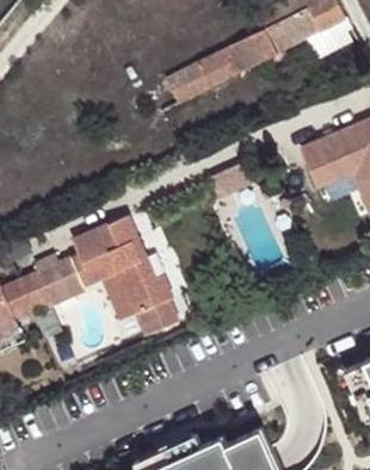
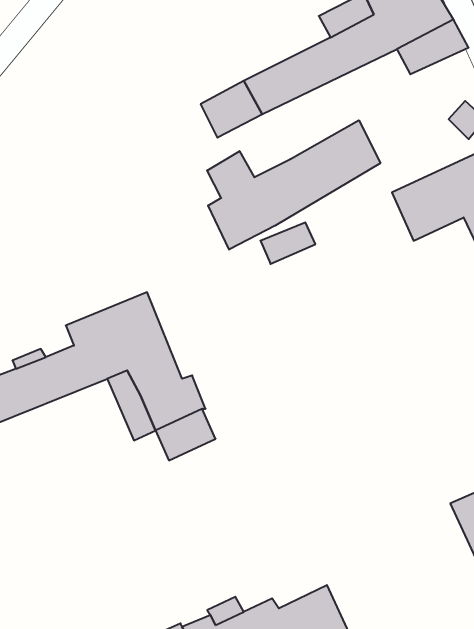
building: none -> [207,120,380,250]

